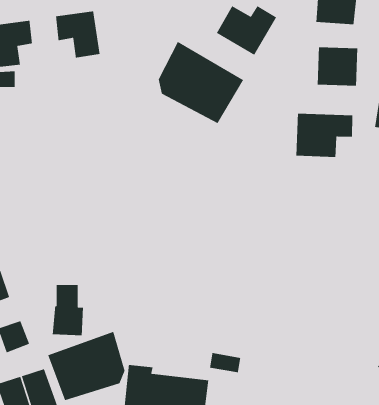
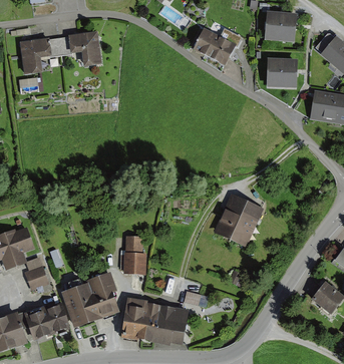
building: none -> [49,35,70,56]
building: [158,41,244,124] -> none
building: [296,113,353,158] -> none
building: none -> [214,194,263,246]
building: [52,284,84,336] -> [122,236,146,275]

